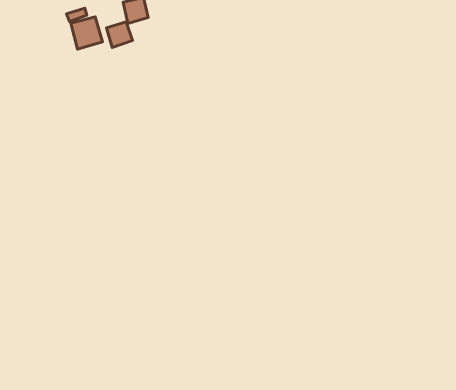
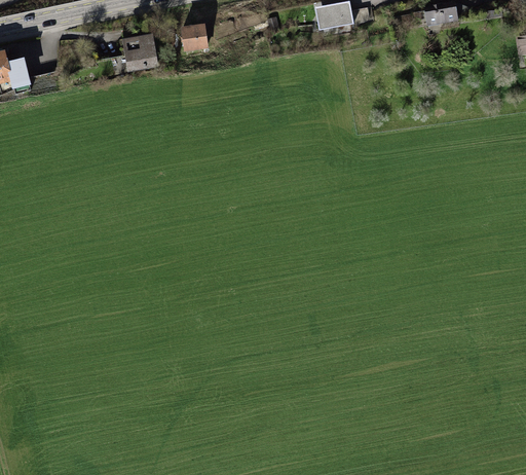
building: [106,22,132,48] -> none

